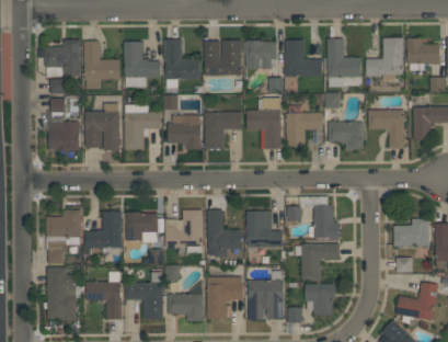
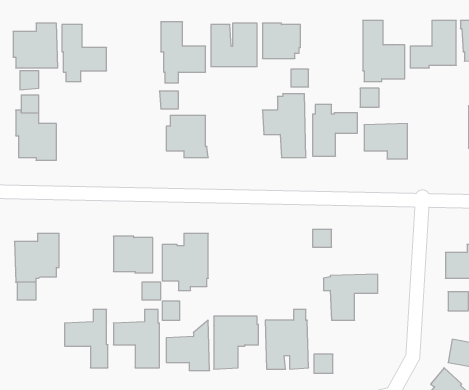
building: [285,39,322,76] -> none
building: [124,41,160,87] -> none
building: [85,102,119,151] -> none
building: [124,103,161,149] -> none
building: [367,110,403,148] -> none
building: [204,112,241,148] -> none
building: [309,204,338,238] -> none
building: [206,209,241,256] -> none
building: [83,210,122,254] -> none
building: [245,210,283,247] -> none
building: [47,266,76,320] -> none
building: [305,283,334,314] -> none

